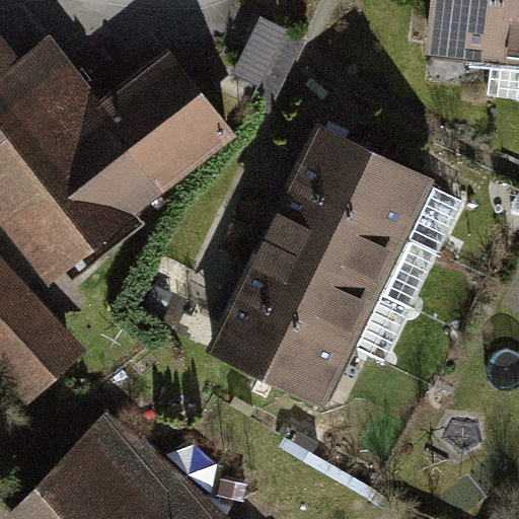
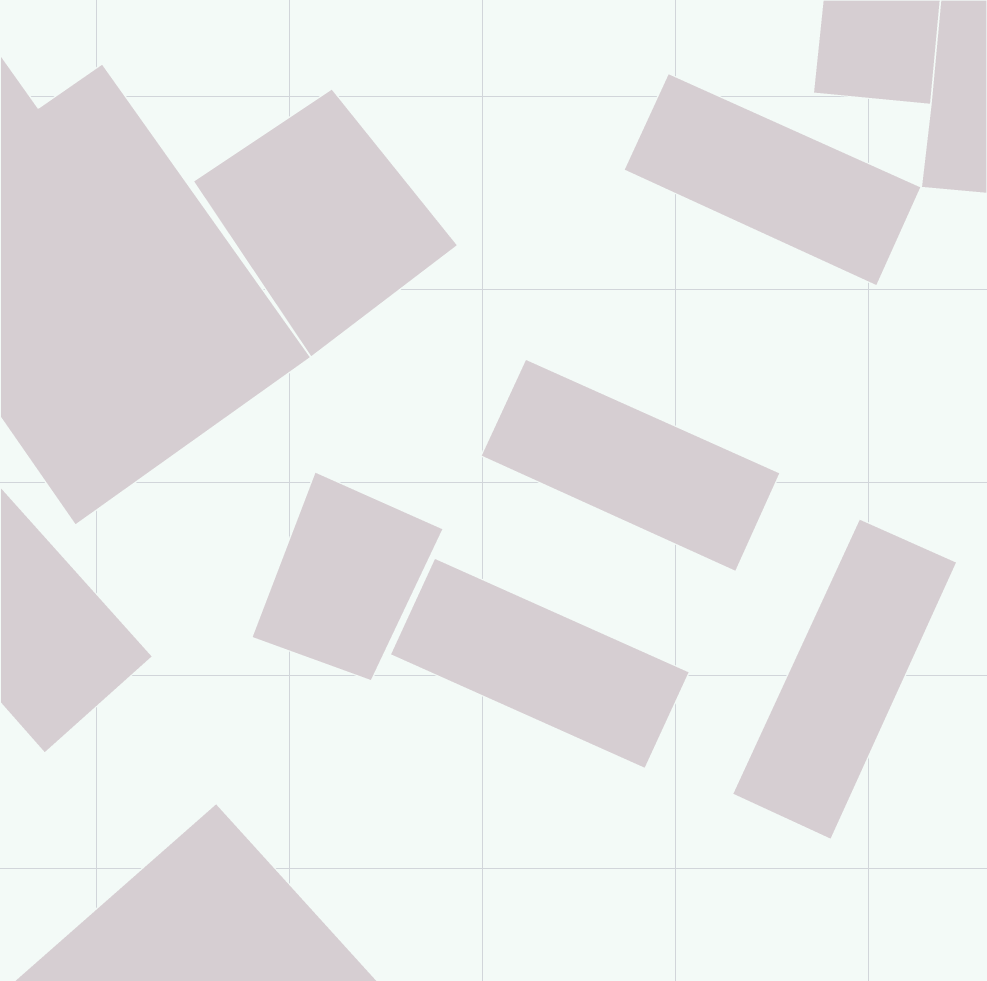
building: [277,140,433,251] -> [624,73,921,286]
building: [229,243,385,355] -> none
building: none -> [252,472,443,681]
building: none -> [732,519,957,839]

